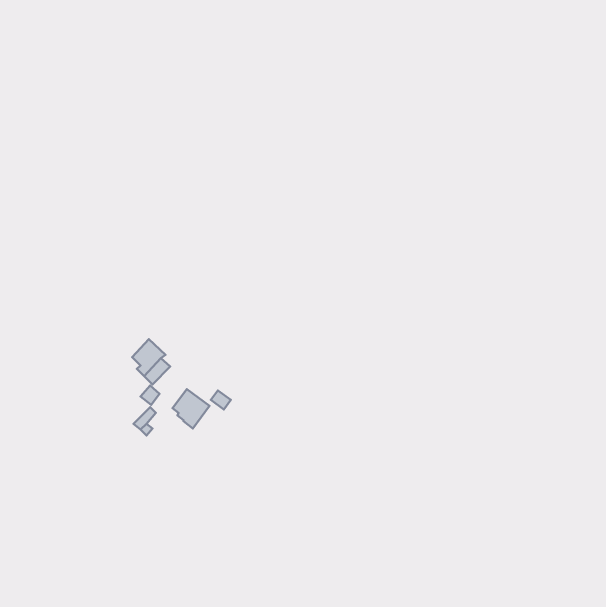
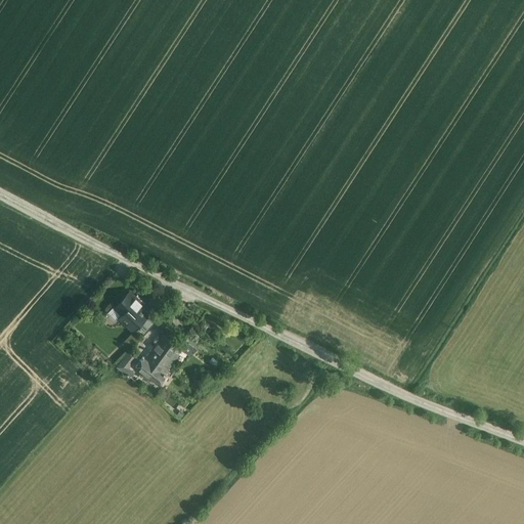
building: none -> [134,352,166,385]

